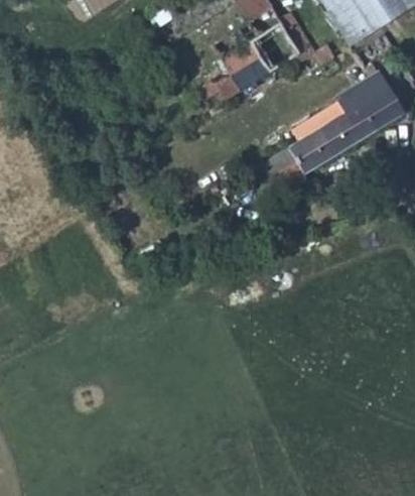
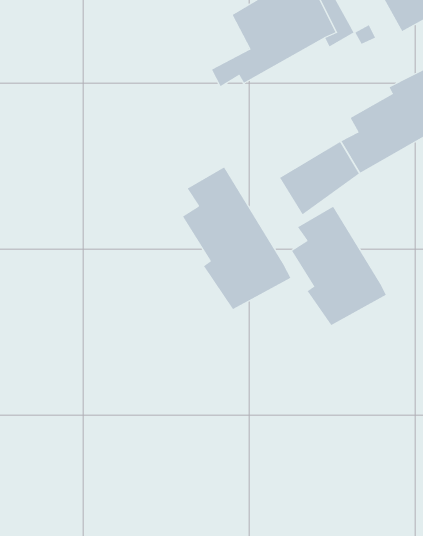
building: none -> [182,167,291,310]
building: none -> [291,206,386,326]

